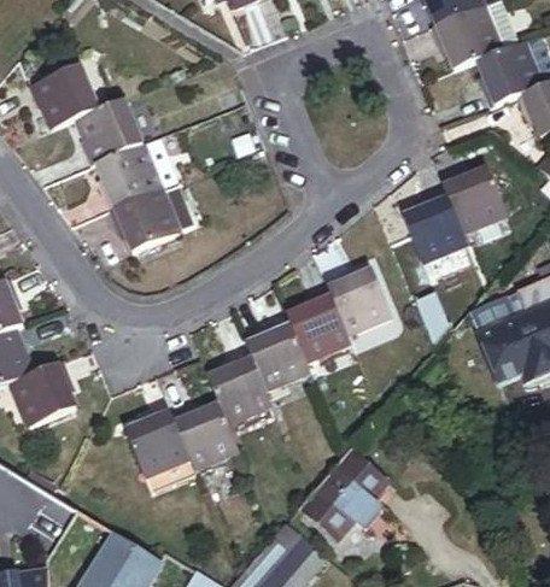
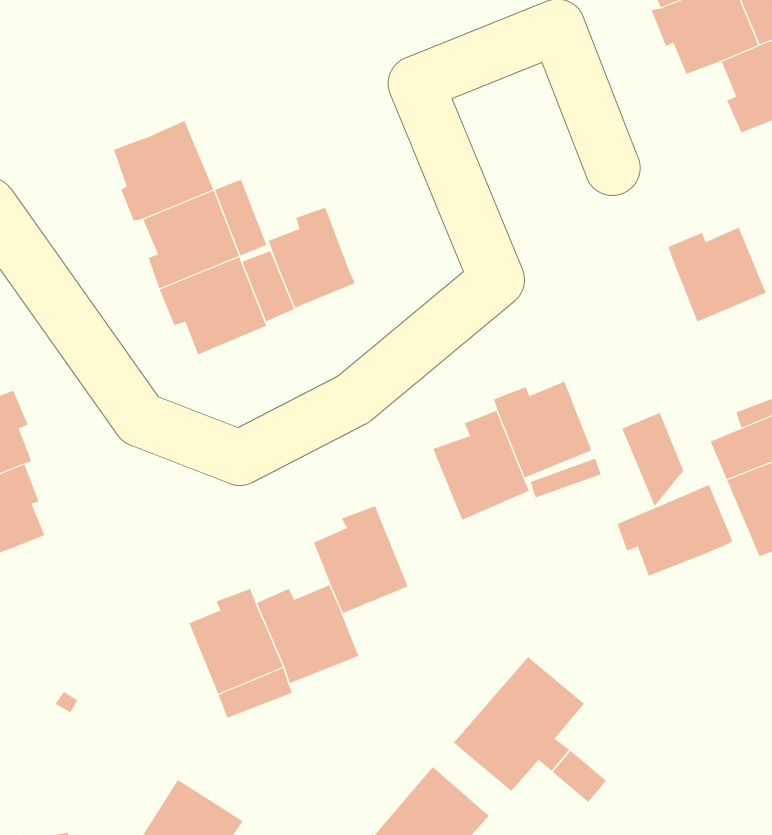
building: [29,66,99,129] -> none
building: none -> [268,207,356,309]
building: [403,193,466,263] -> none
building: [242,328,310,392] -> none
building: none -> [617,484,733,577]
building: [11,359,76,425] -> none

